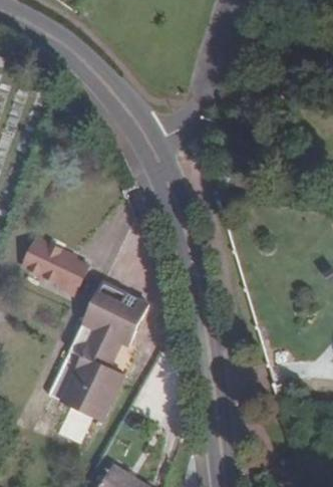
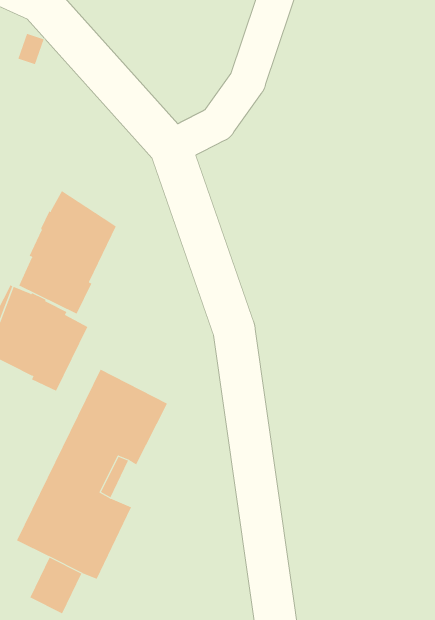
building: none -> [18,190,116,314]

